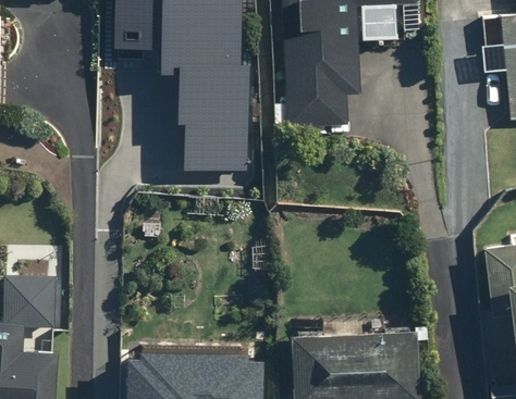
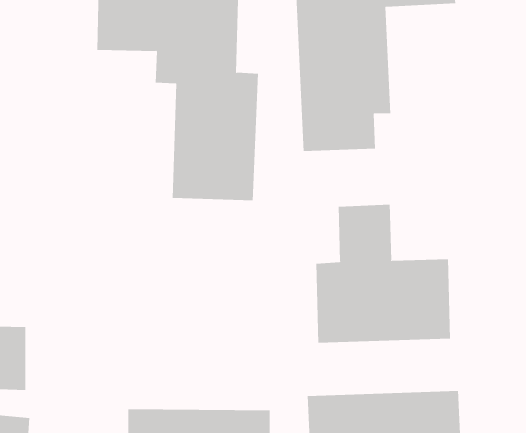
building: none -> [316,204,451,344]

